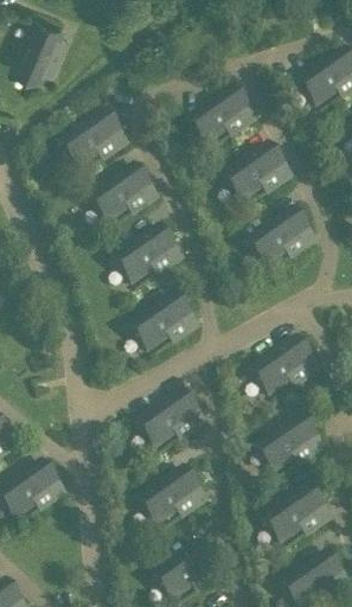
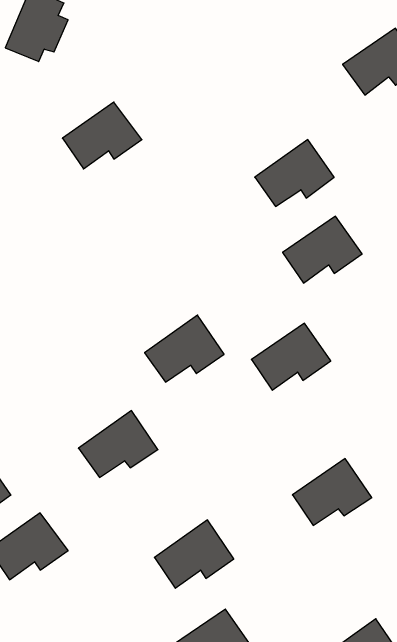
building: [190,87,257,143] -> none
building: [91,165,159,222] -> none
building: [116,225,184,283] -> none
building: [252,338,320,395] -> [251,323,331,390]
building: [139,390,206,447] -> [78,411,158,477]
building: [264,486,332,543] -> none

